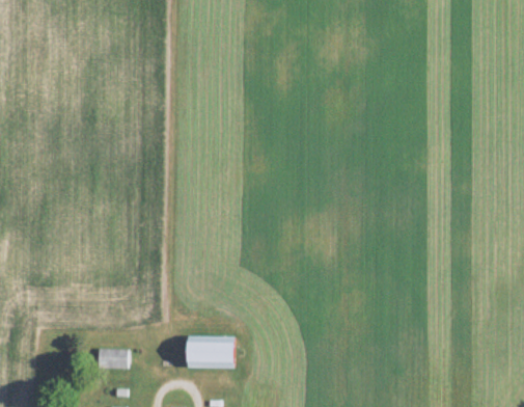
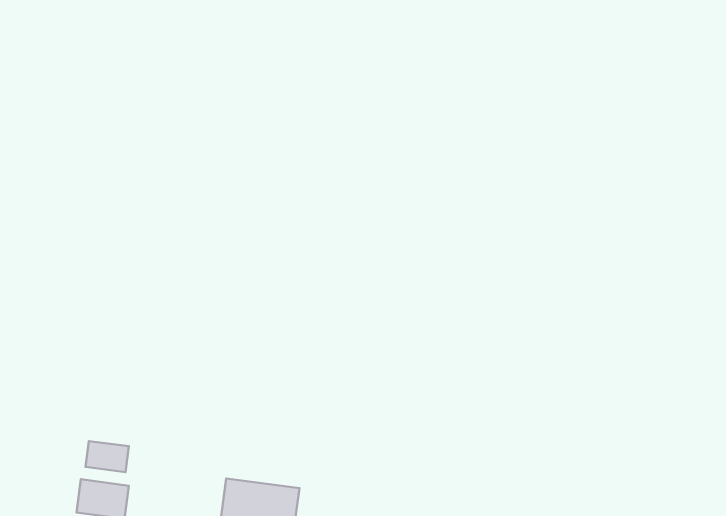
building: none -> [86,441,129,472]

